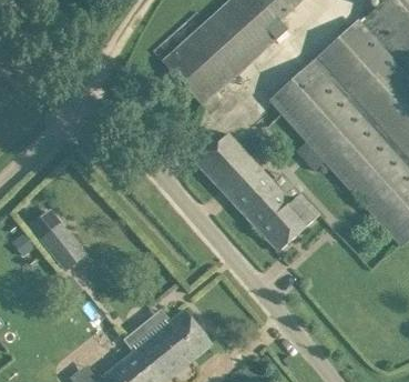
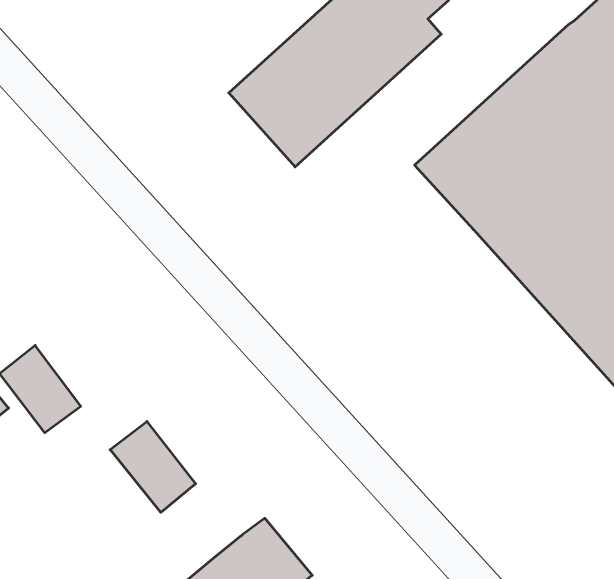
building: [195,131,319,250] -> none
building: none -> [110,421,196,512]

